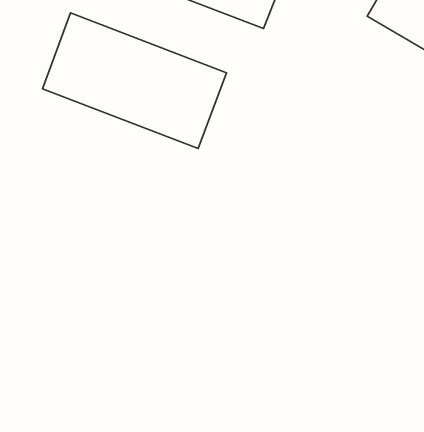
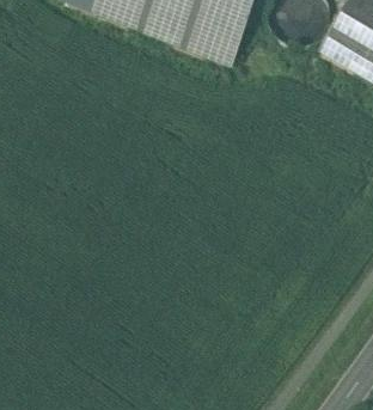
building: [42,13,226,149] -> none

